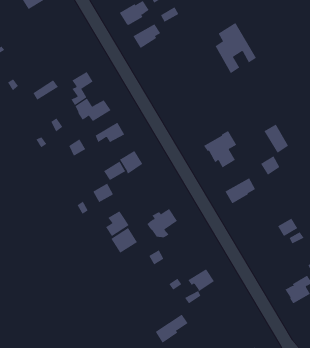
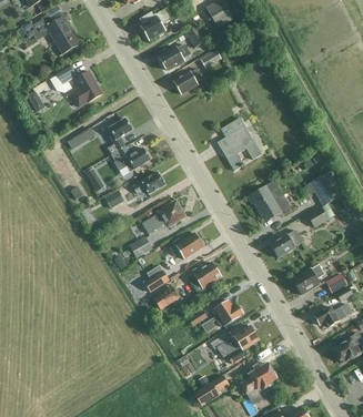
building: none -> [56,62,103,106]
building: [215,22,257,74] -> [218,116,262,171]
building: none -> [168,232,203,258]
building: none -> [292,263,325,294]
building: none -> [202,299,243,332]
building: none -> [314,302,352,326]
building: none -> [241,363,276,393]

